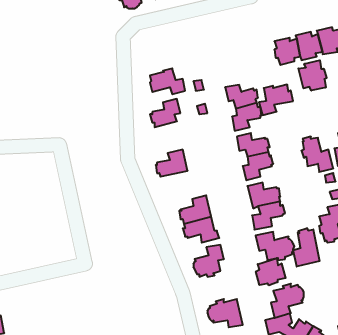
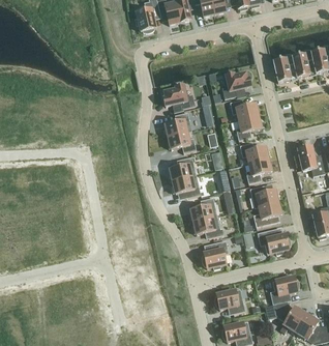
building: [298,60,327,91] -> none
building: [259,85,293,115] -> [220,70,250,97]
building: none -> [167,131,196,151]
building: none -> [171,174,200,196]
building: [293,228,320,267] -> none
building: [256,258,286,285] -> none

